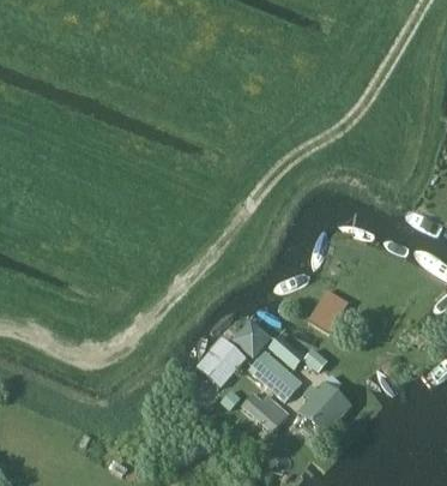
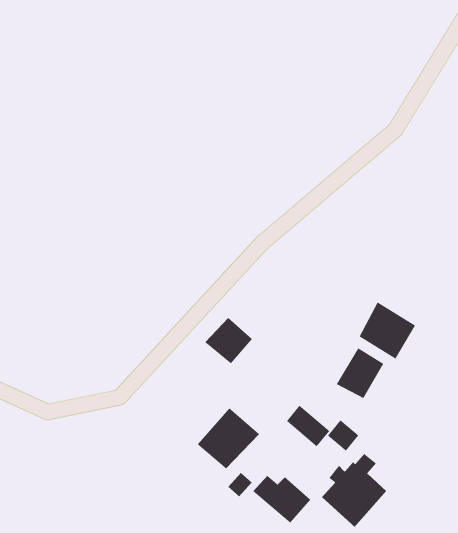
building: none -> [359,301,416,359]
building: [231,319,271,358] -> [205,317,253,364]
building: [248,350,302,402] -> none

